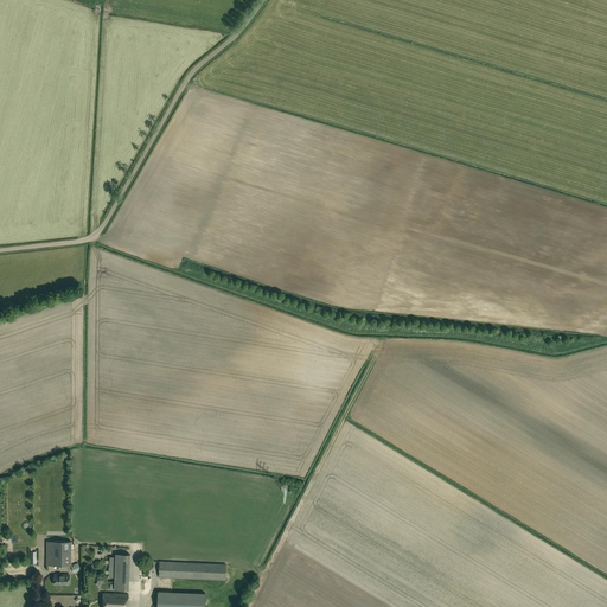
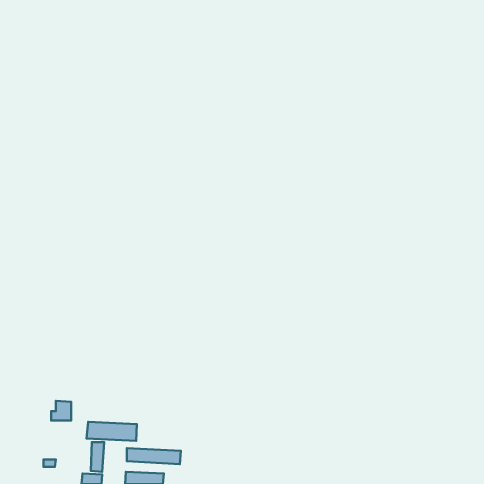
building: none -> [86,422,137,441]
building: [46,541,71,566] -> [51,401,71,421]

